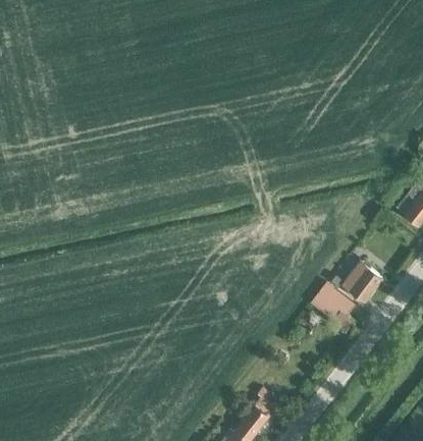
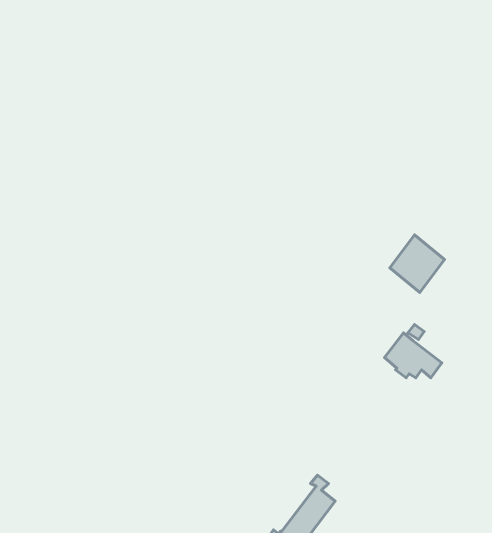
building: [341,261,382,304] -> [390,235,444,292]

